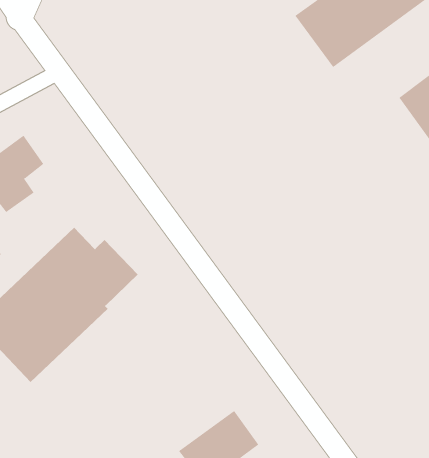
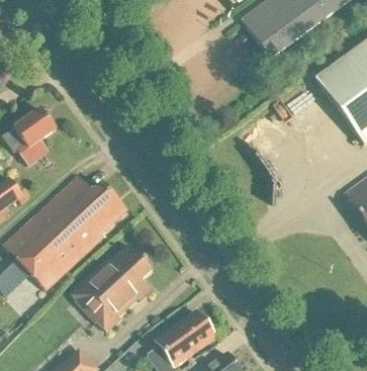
building: none -> [71,244,153,332]

